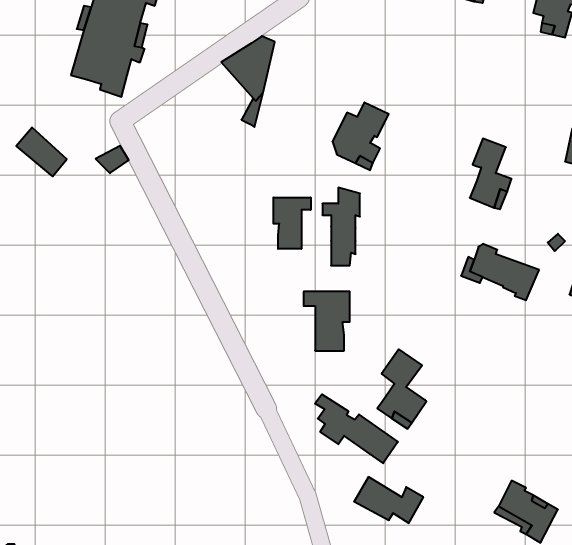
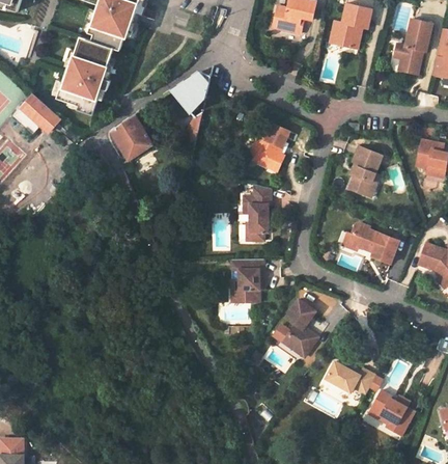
building: none -> [109,115,150,160]
building: [16,127,67,176] -> [21,98,57,133]
building: [273,197,311,249] -> none
building: [315,394,398,463] -> none
building: [354,477,423,523] -> [324,362,373,395]

